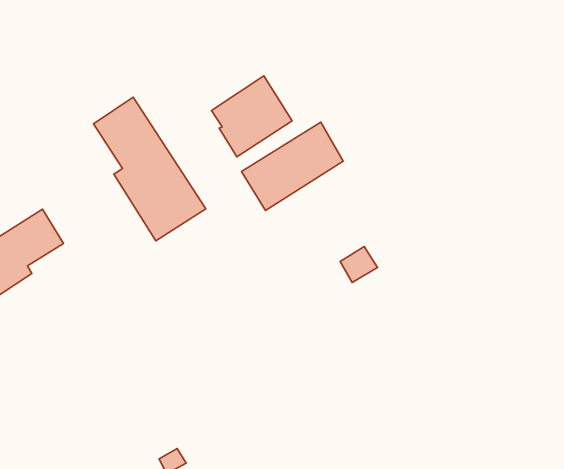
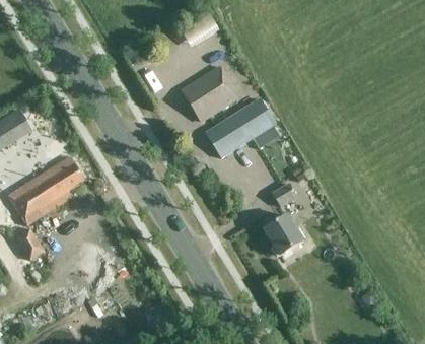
building: [93,97,206,241] -> none
building: none -> [264,214,303,255]

